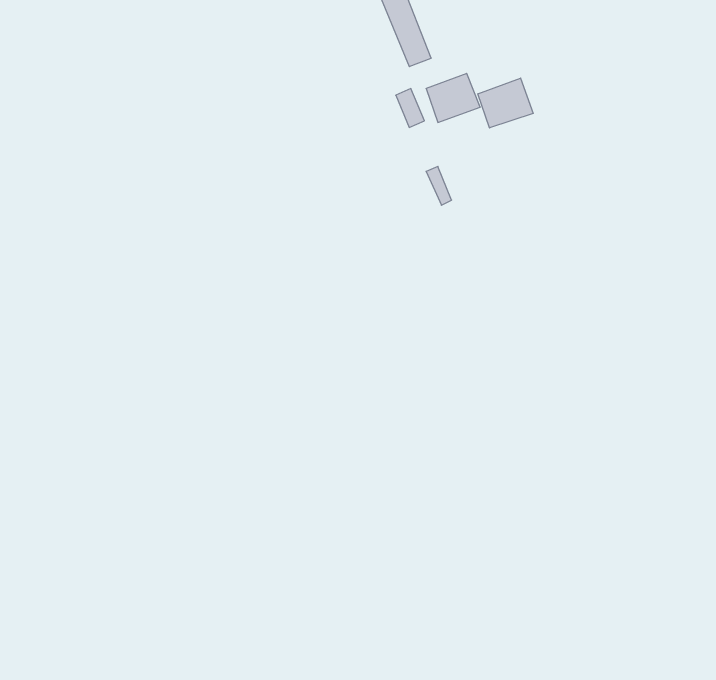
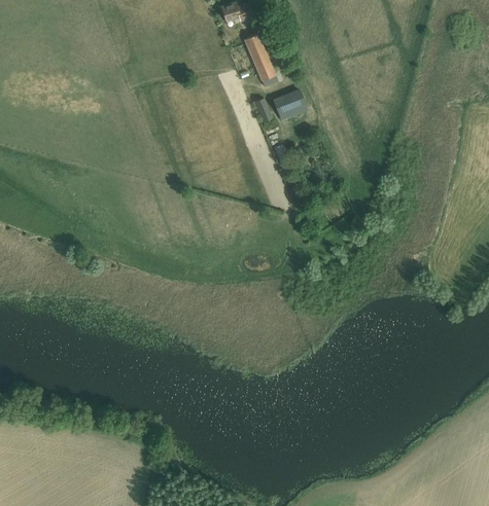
building: [478,78,533,128] -> none

